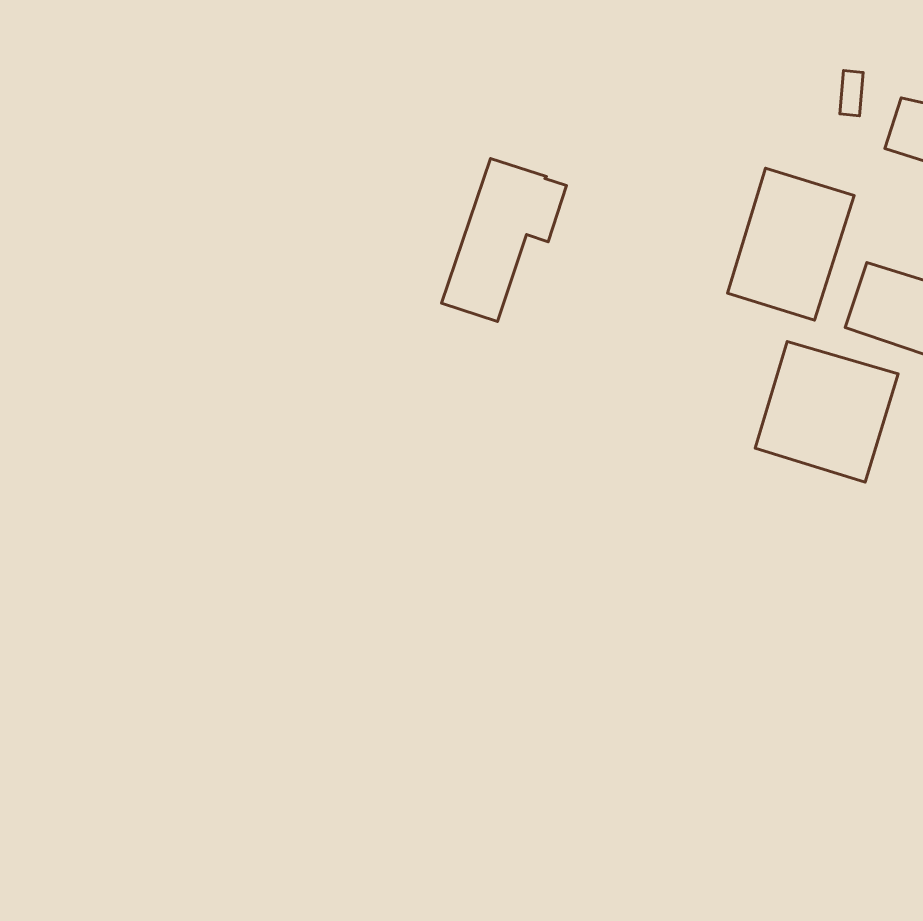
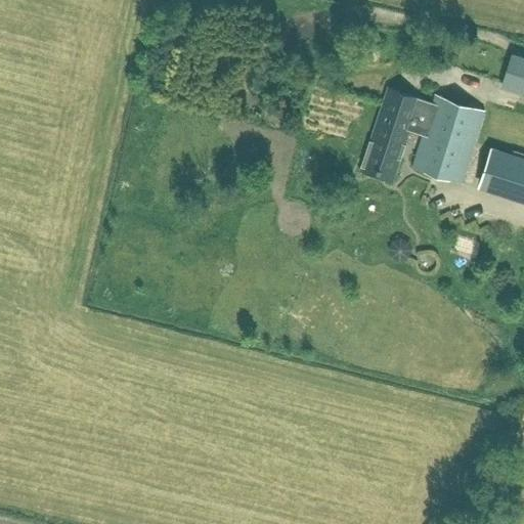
building: [442,159,566,321] -> [360,90,431,182]
building: [755,342,898,482] -> none

